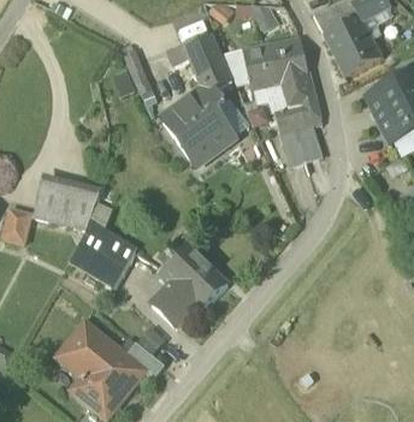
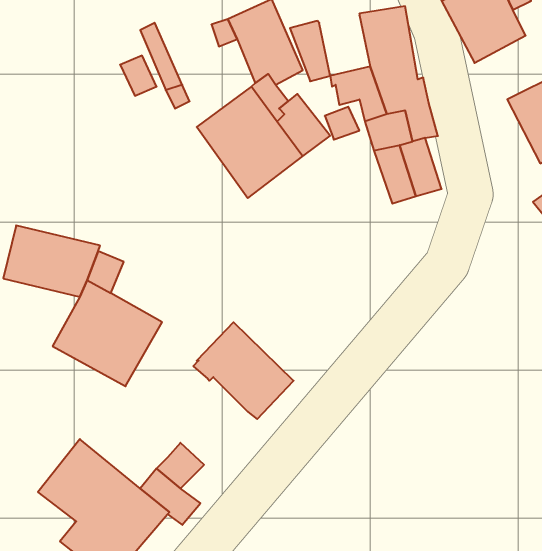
building: [242,42,276,82] -> none
building: [155,280,195,319] -> none

